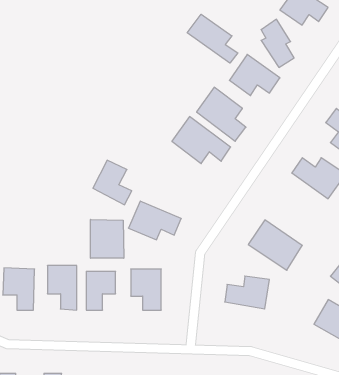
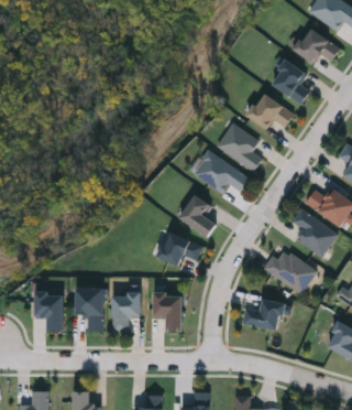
building: [187,14,238,63] -> none
building: [93,160,132,205] -> [179,194,216,236]
building: none -> [290,207,336,257]
building: [91,219,124,258] -> none

